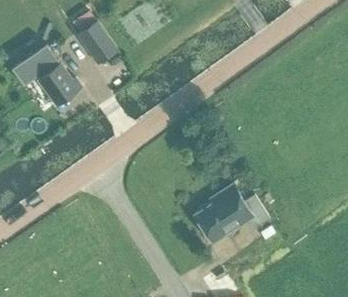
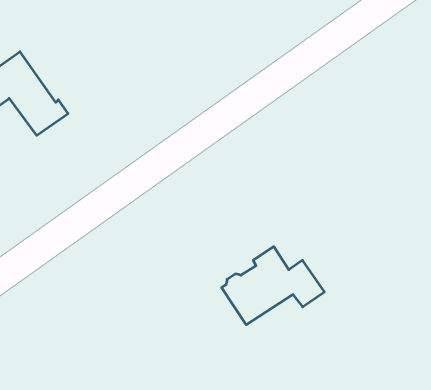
building: [78,22,117,65] -> none

